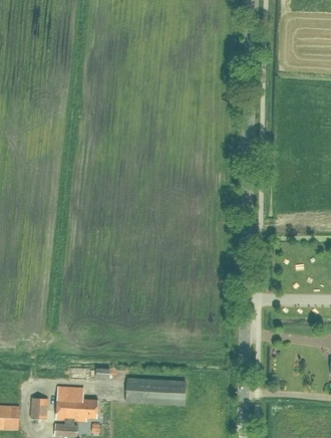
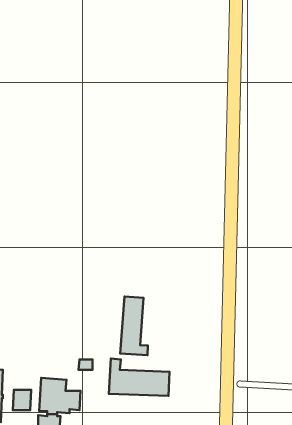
building: none -> [120,297,148,355]

